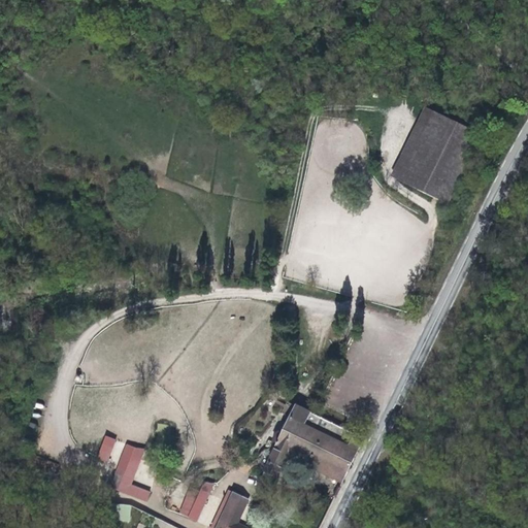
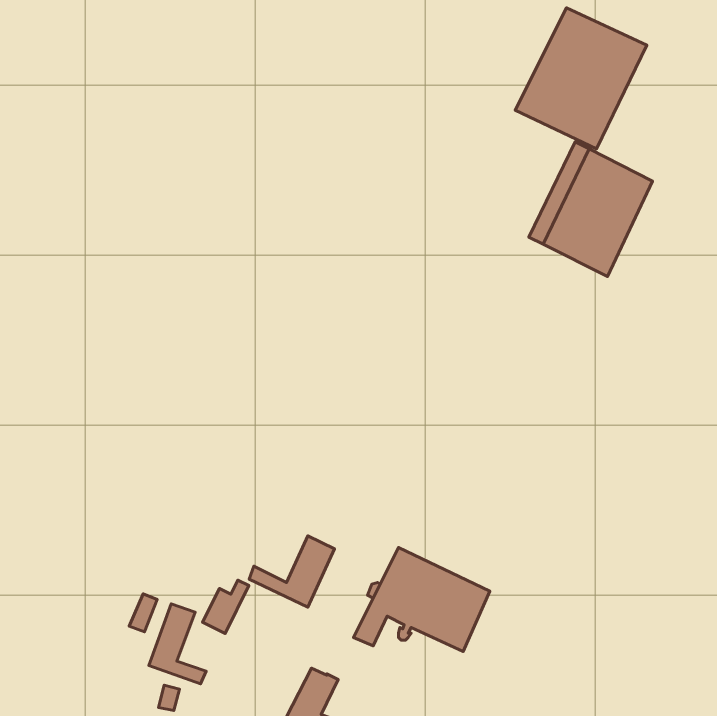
building: none -> [515,8,647,149]
building: none -> [249,536,335,607]
building: [178,483,212,522] -> [203,580,249,633]

